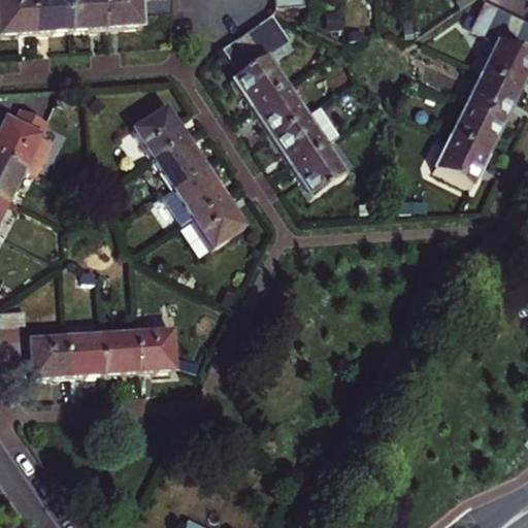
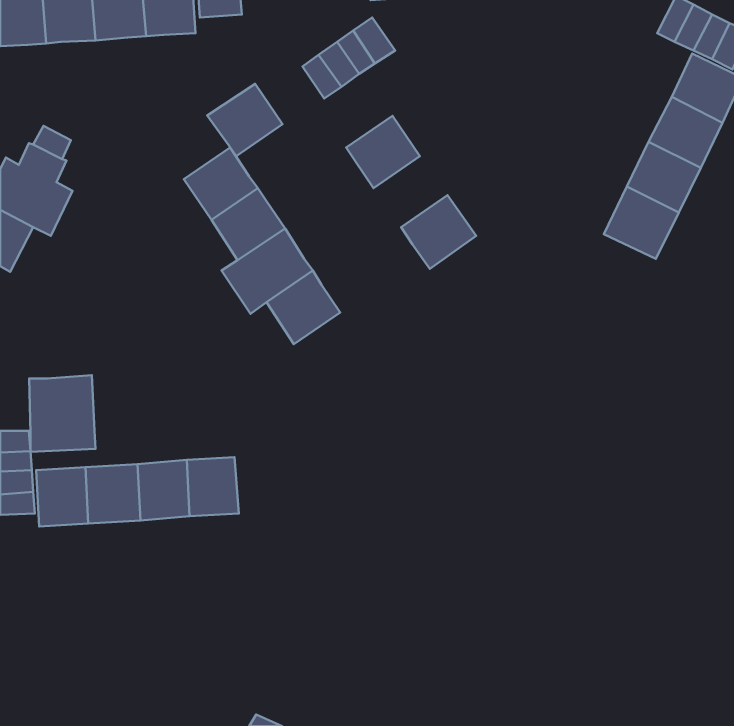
building: [230,54,284,105] -> [207,84,283,156]
building: [270,102,336,162] -> none
building: none -> [29,375,96,452]

